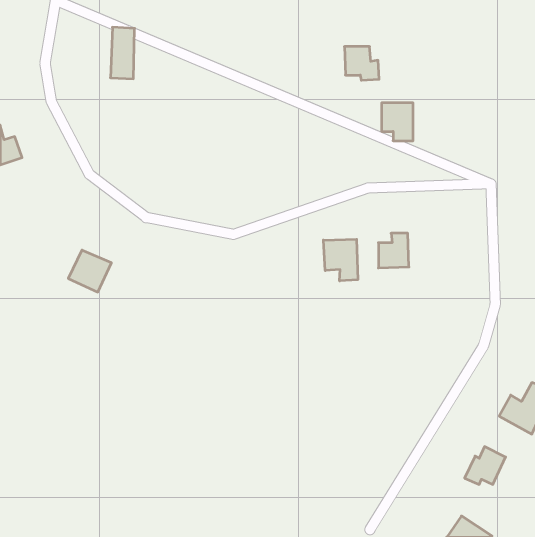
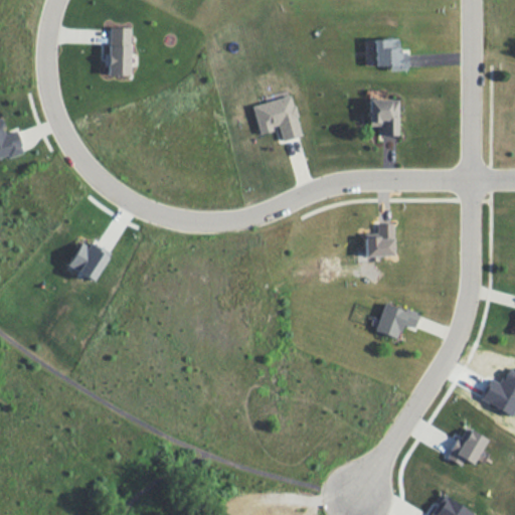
building: [344,47,379,80] -> [373,38,406,70]
building: none -> [251,95,302,141]
building: [323,239,358,281] -> none
building: none -> [375,302,419,338]

